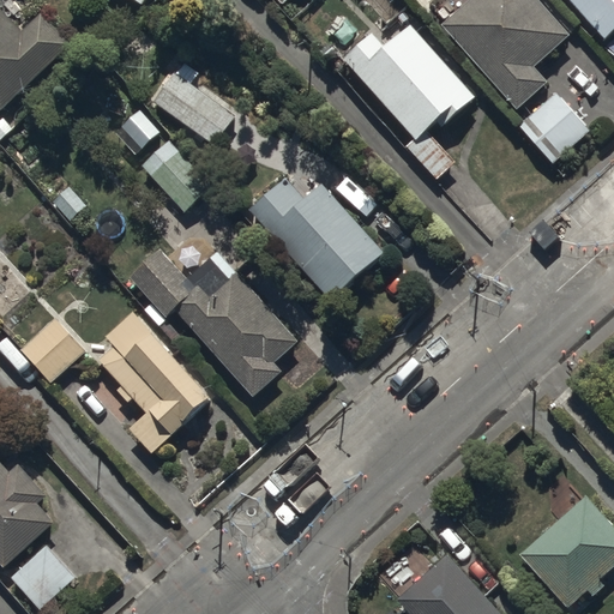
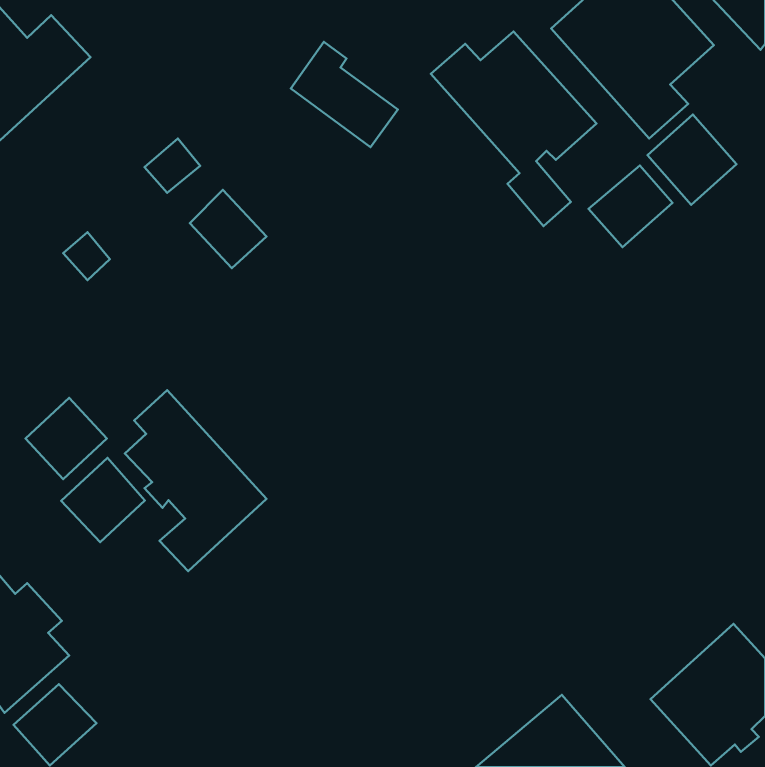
building: [154,64,239,148] -> [291,42,398,147]
building: none -> [589,166,673,247]
building: [246,177,383,302] -> none
building: [128,249,297,396] -> none
building: none -> [61,458,145,542]

